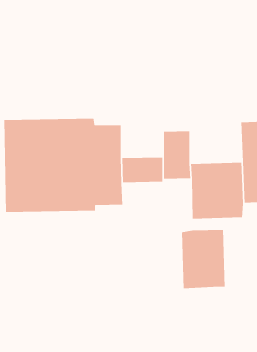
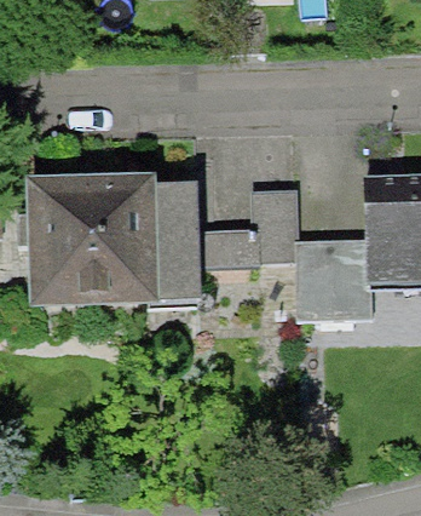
building: [181,229,226,289] -> none

